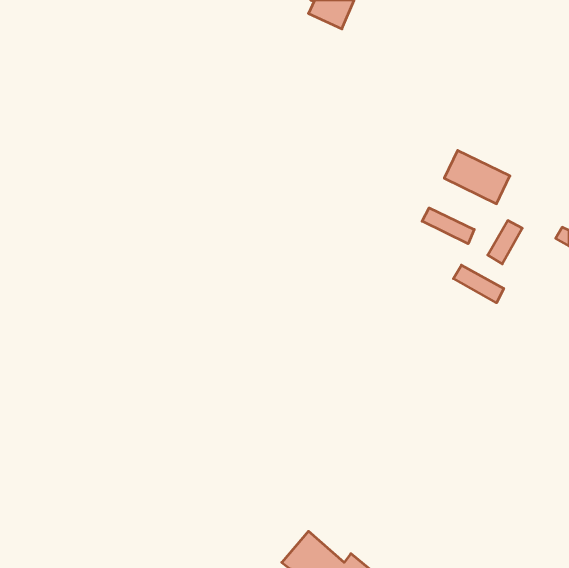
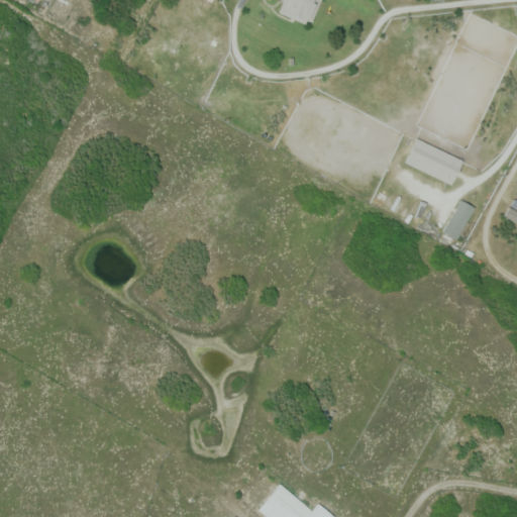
building: [422,208,474,244] -> none
building: [453,265,504,303] -> none

